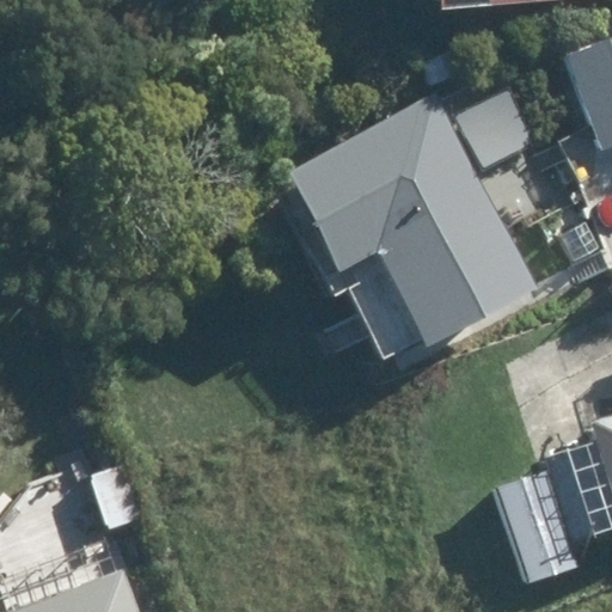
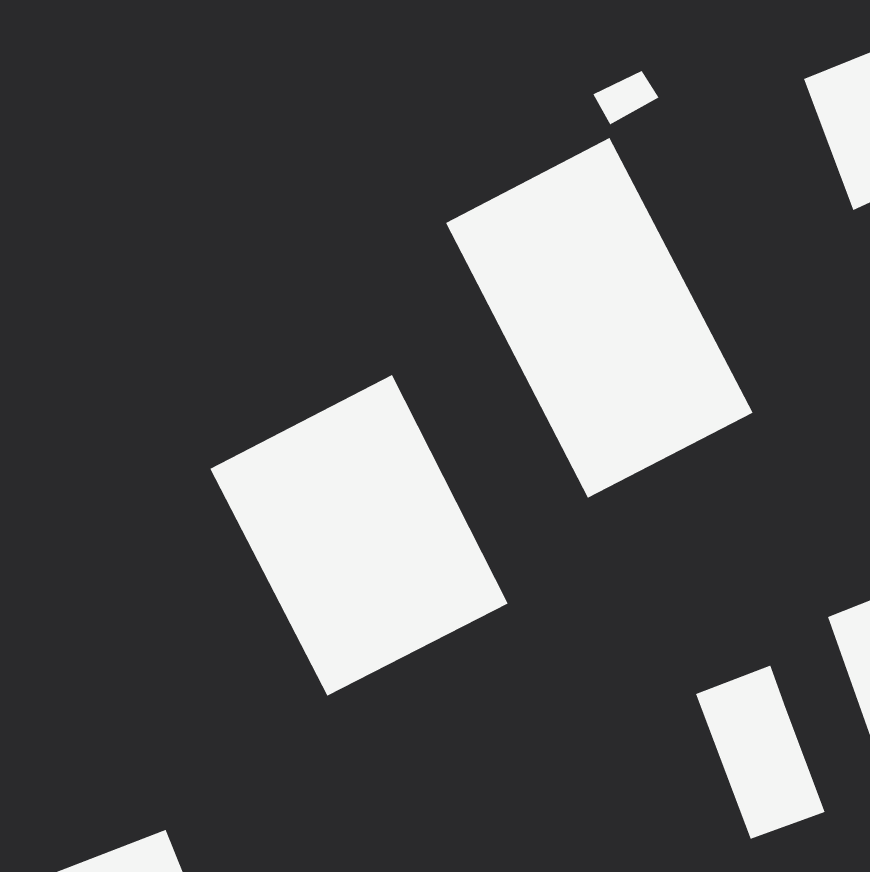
building: none -> [210,374,509,696]

